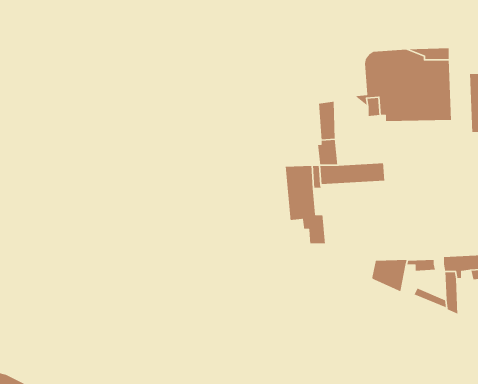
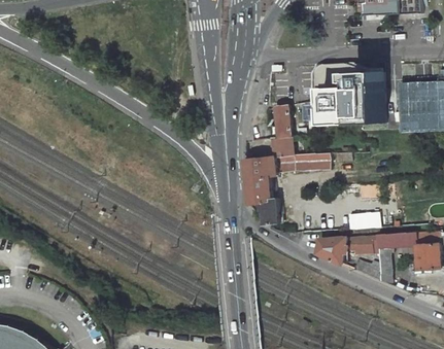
building: none -> [345,211,377,230]

